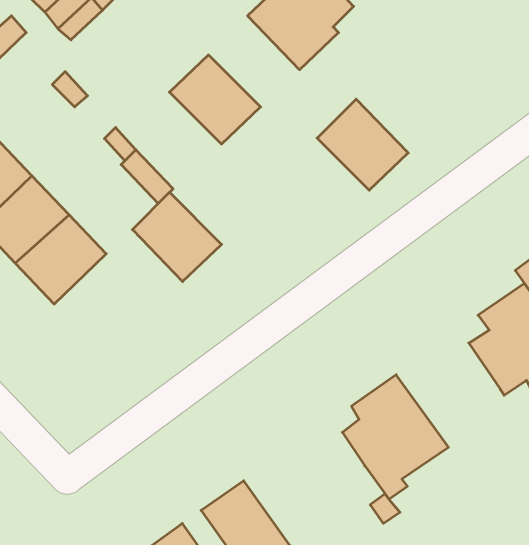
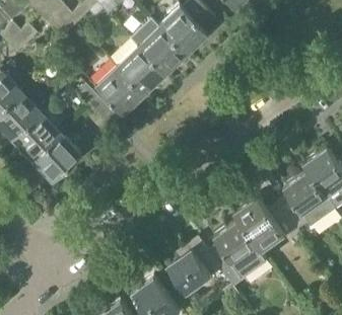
building: [317,99,408,190] -> [136,25,186,75]
building: [132,192,222,282] -> [94,67,143,115]
building: none -> [233,196,295,253]
building: none -> [168,239,221,295]

